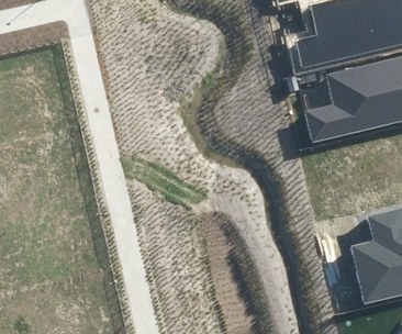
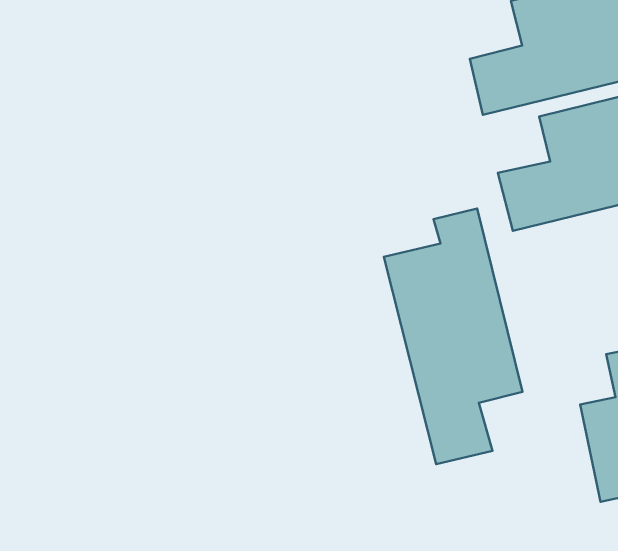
building: none -> [384,209,523,464]

